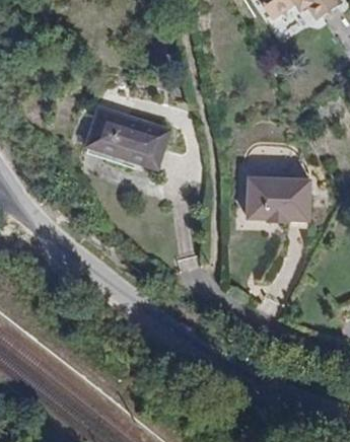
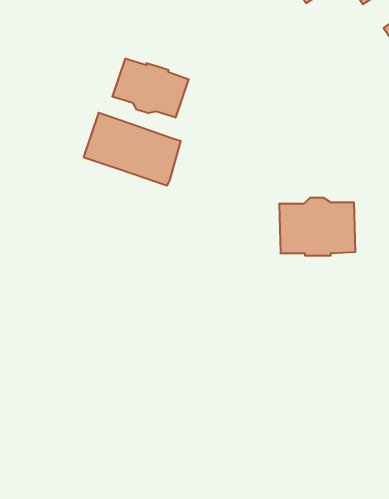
building: none -> [112,58,189,118]

